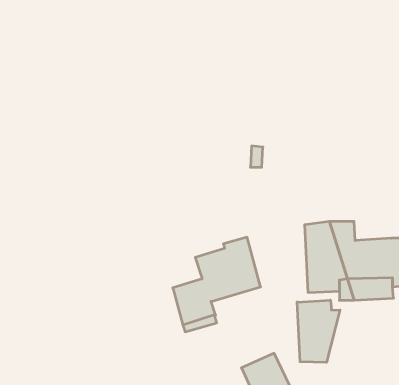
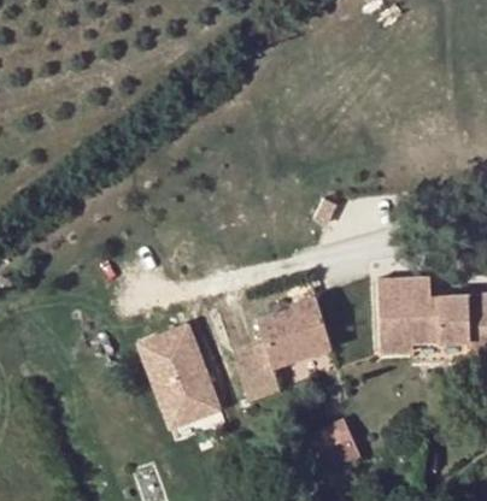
building: none -> [139,323,219,425]
building: [297,300,340,362] -> none

